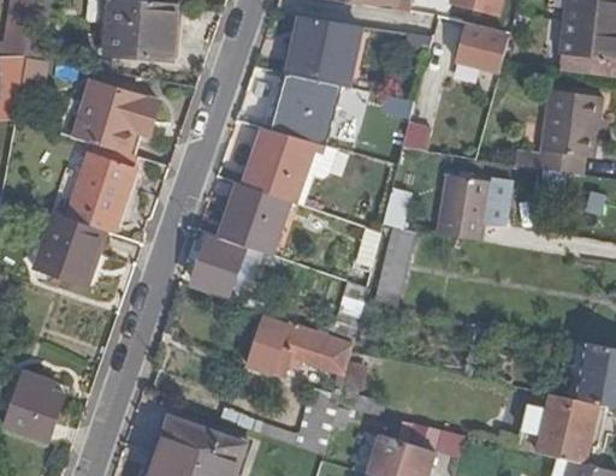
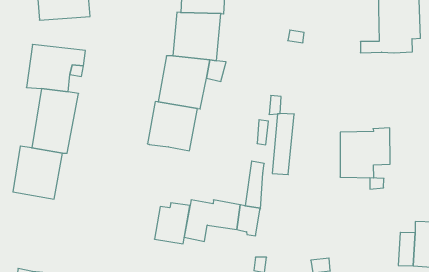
building: [437,177,511,243] -> [340,128,390,178]
building: [191,239,244,294] -> [154,203,190,244]

